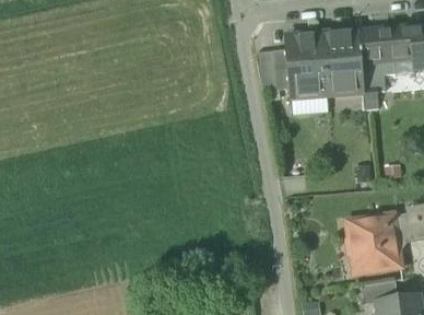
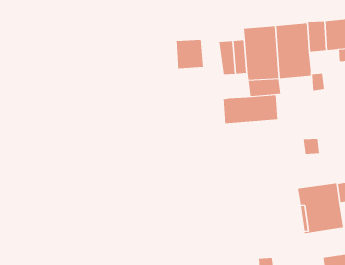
building: none -> [176,39,204,70]
building: [362,60,396,84] -> none
building: none -> [223,95,278,124]
building: [361,280,398,304] -> none

